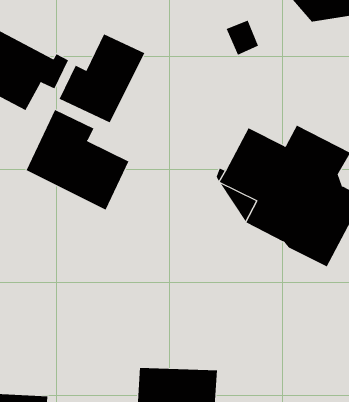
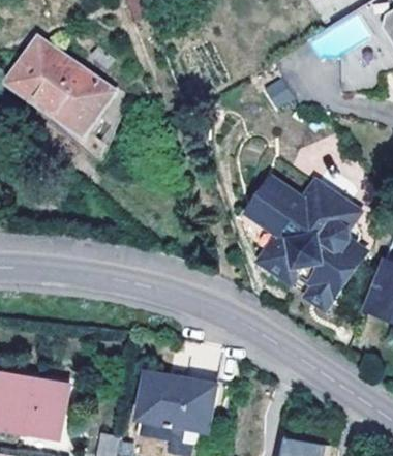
building: [59,34,145,123] -> none
building: [26,109,129,210] -> none

